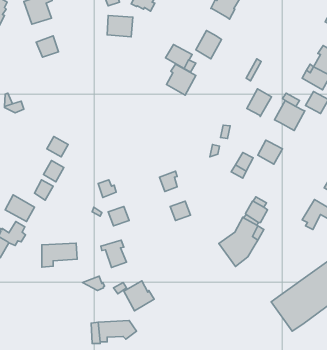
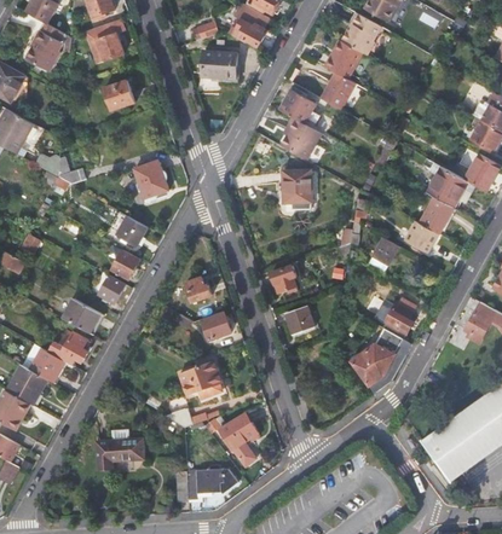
building: none -> [324,41,362,79]
building: [247,89,272,116] -> [420,197,454,234]
building: none -> [134,159,168,197]
building: none -> [282,172,308,208]
building: [42,243,77,267] -> [96,437,144,470]

